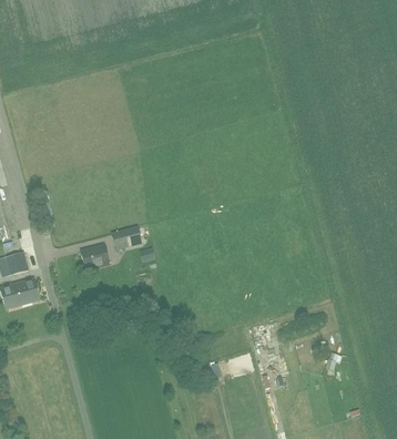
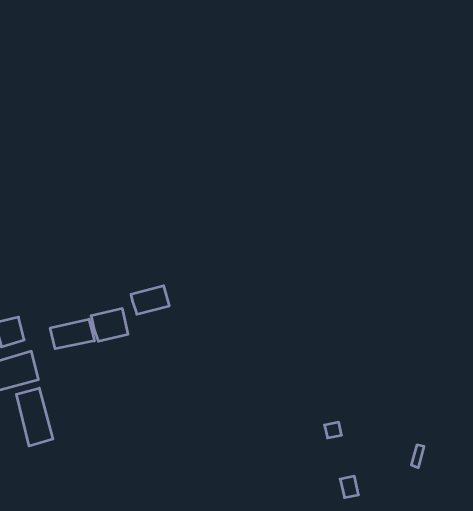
building: none -> [50,319,94,349]
building: none -> [16,388,53,446]

